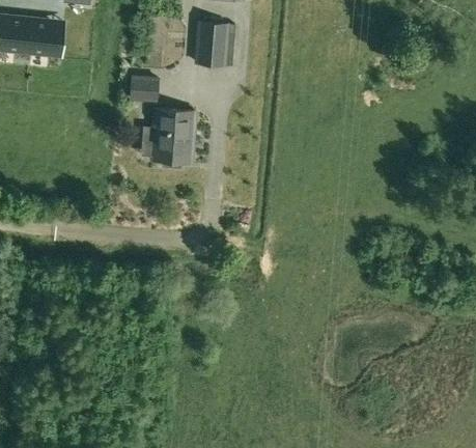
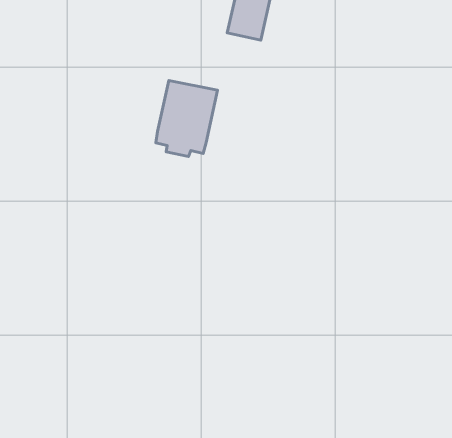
building: [130,78,157,102] -> none

